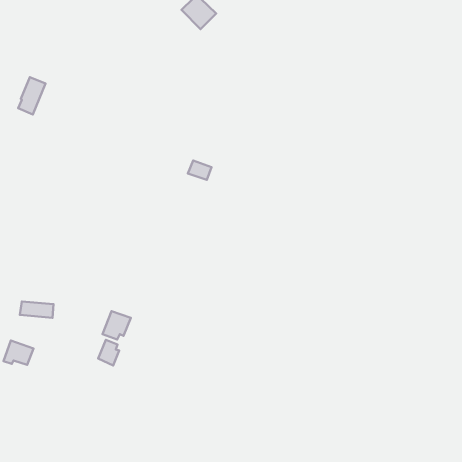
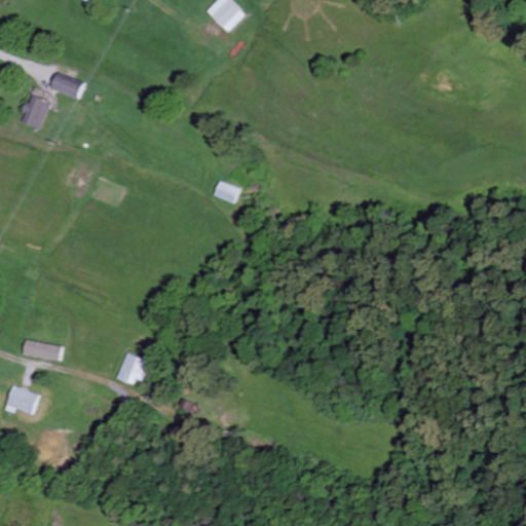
building: none -> [50,73,83,99]
building: [98,340,119,366] -> none

